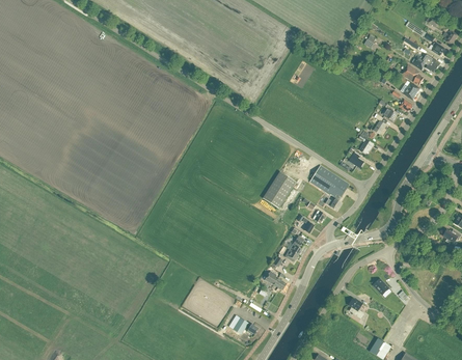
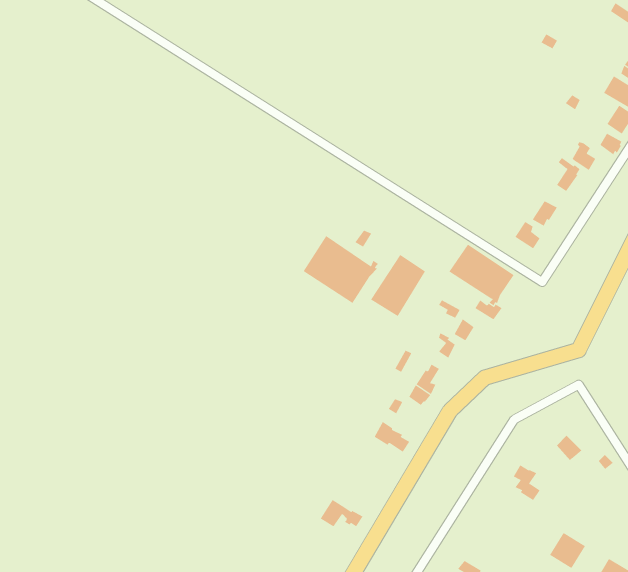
building: none -> [303,235,379,304]

